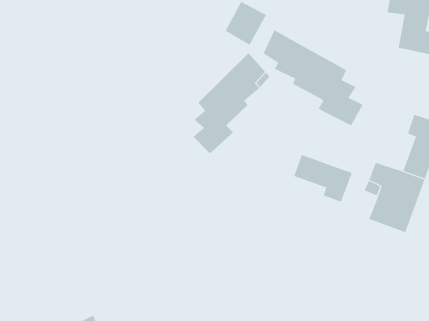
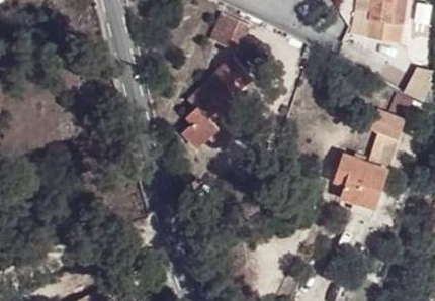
building: [263,30,363,126] -> none
building: [293,154,353,203] -> none

